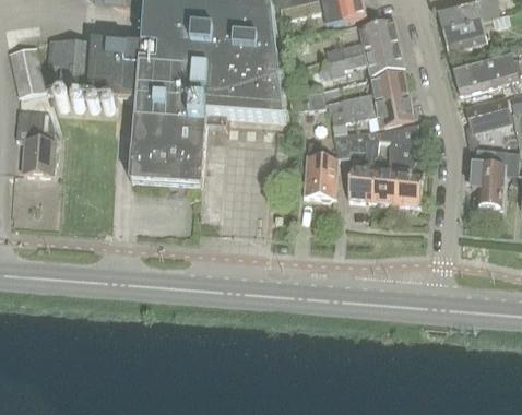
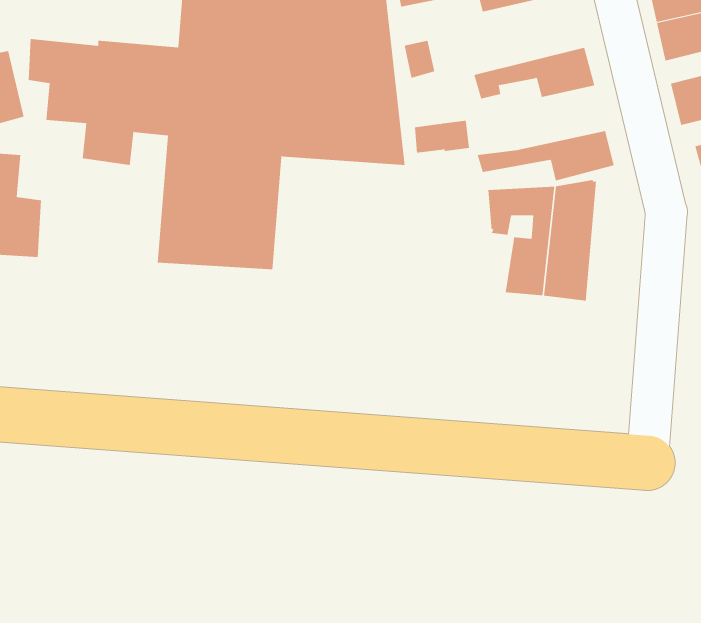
building: [324,21,396,61] -> none
building: [325,70,410,111] -> none
building: [398,128,424,205] -> none
building: [302,141,339,198] -> none

